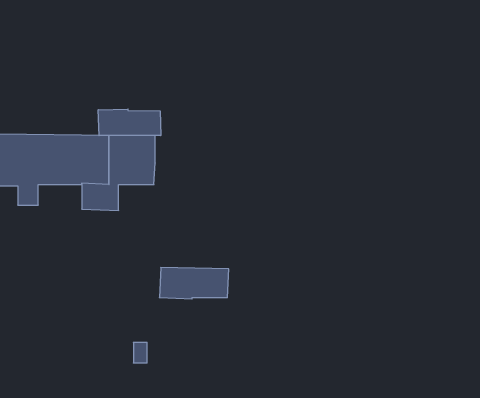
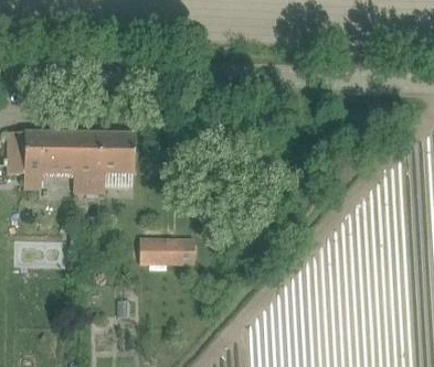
building: [98,109,161,136] -> none

